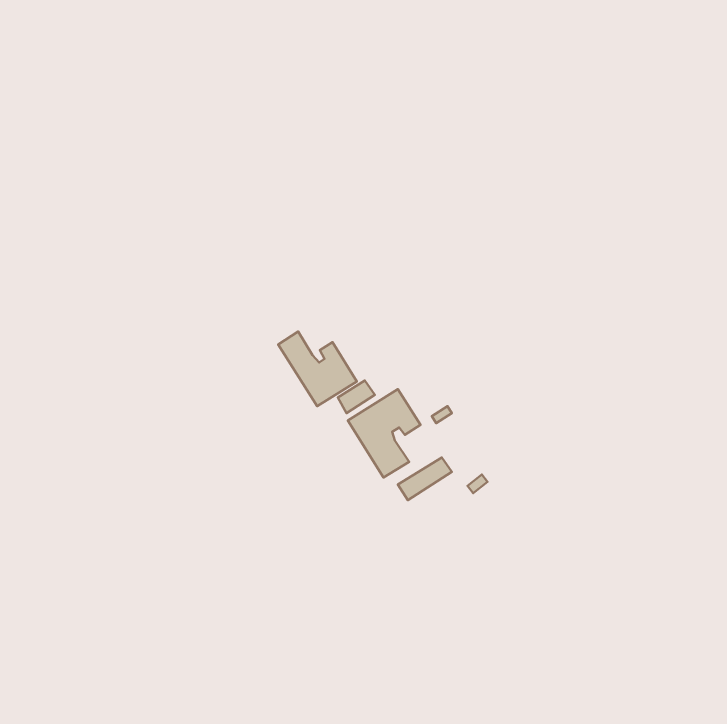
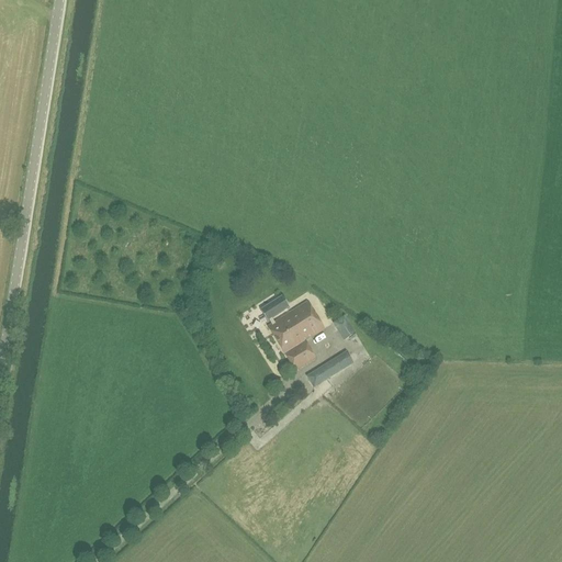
building: [278,331,357,406] -> none

